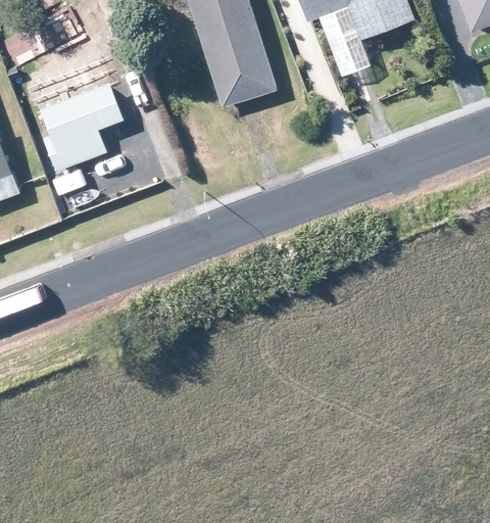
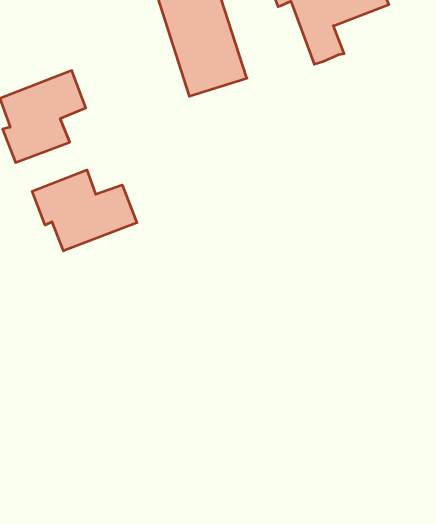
building: none -> [32,170,137,251]

